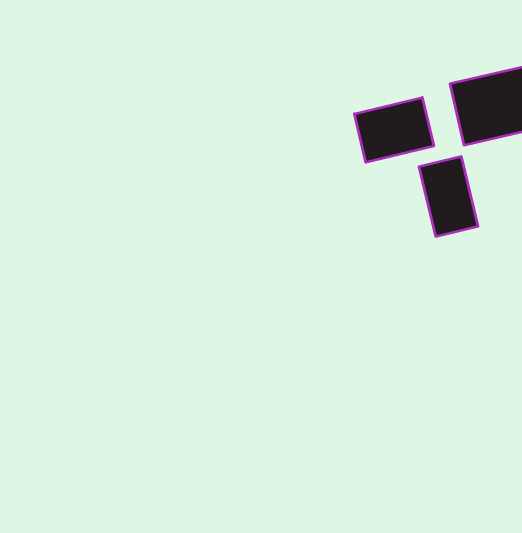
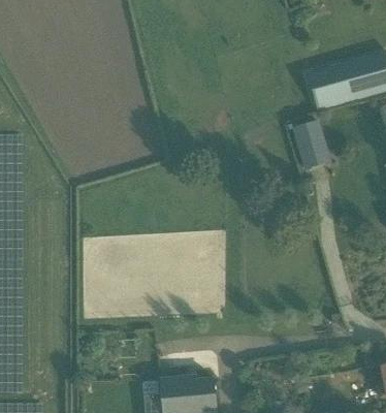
building: [354,97,434,162] -> none

